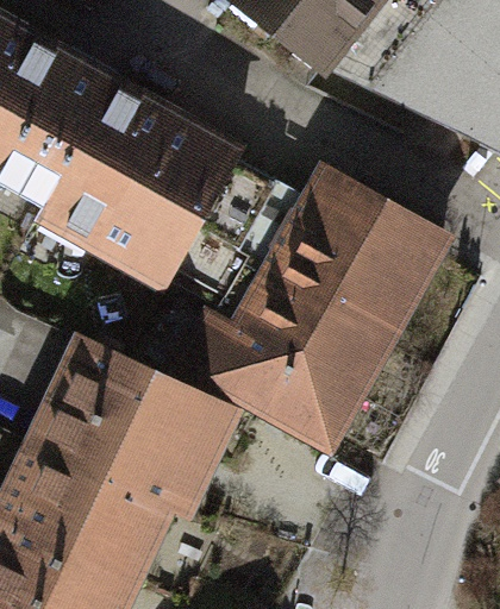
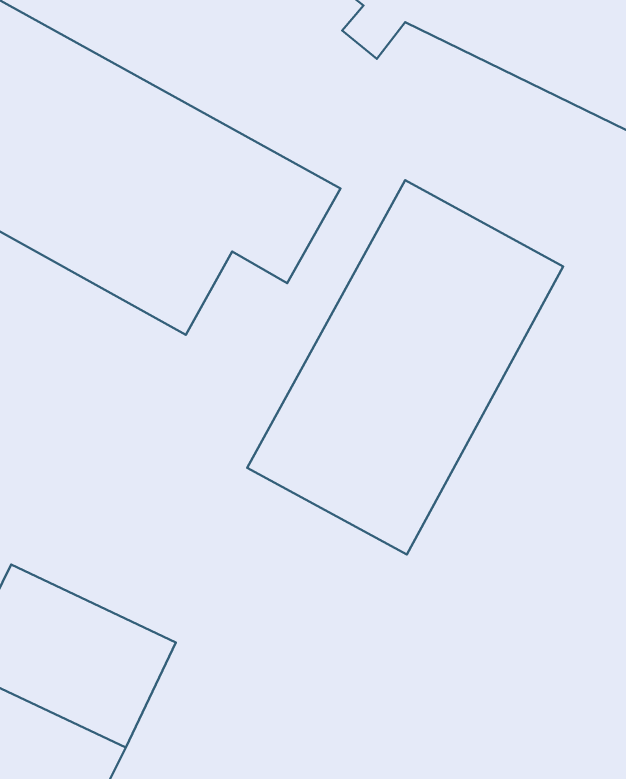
building: [46,344,213,503] -> none

